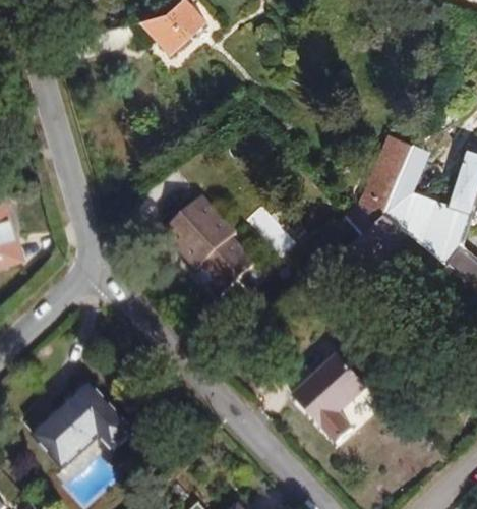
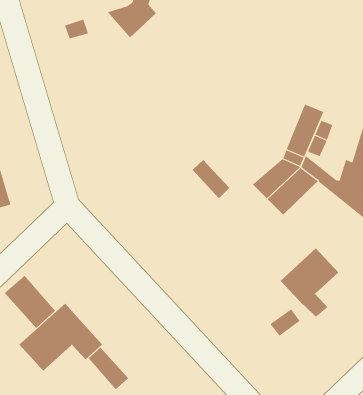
building: [162,196,255,291] -> none
building: none -> [4,275,56,329]
building: [293,354,367,442] -> [280,247,340,318]
building: none -> [88,347,129,390]

